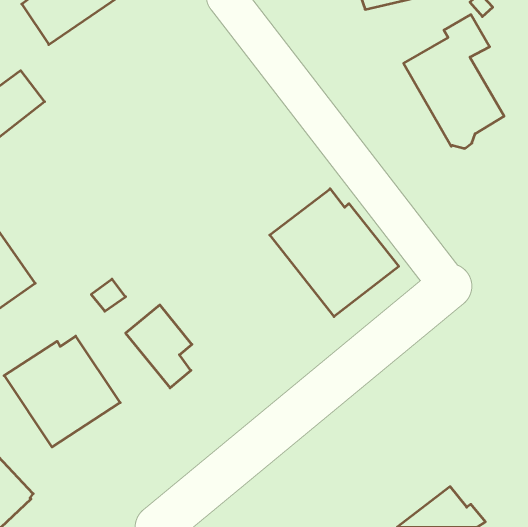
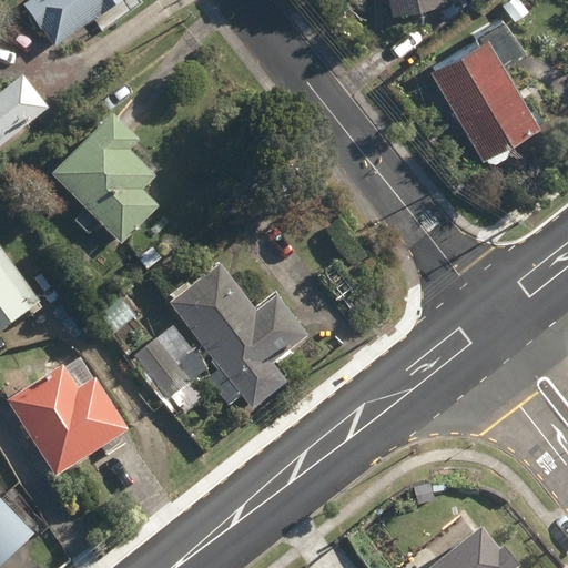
building: none -> [50,114,158,245]
building: [270,189,399,317] -> none
building: none -> [168,265,307,410]

